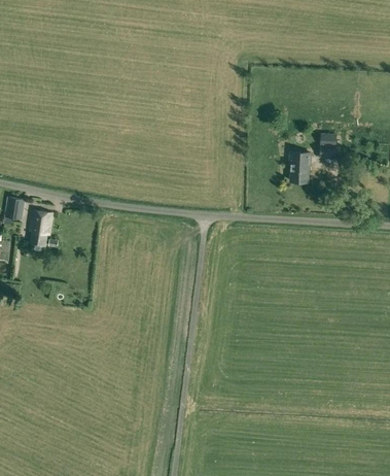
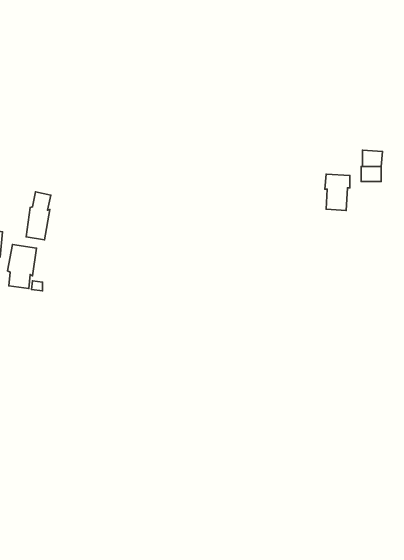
building: none -> [26,192,51,240]

